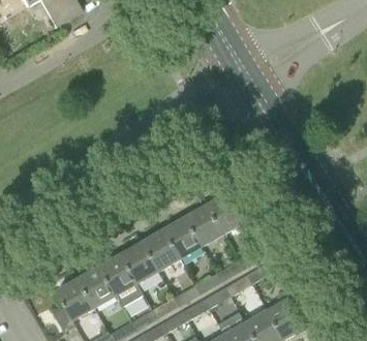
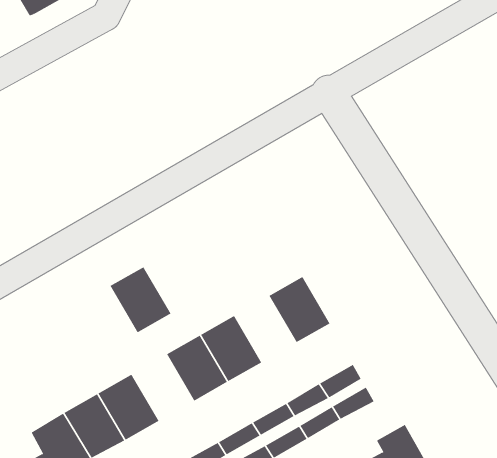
building: [184,205,223,247] -> none
building: [119,242,158,284] -> [110,266,171,333]

